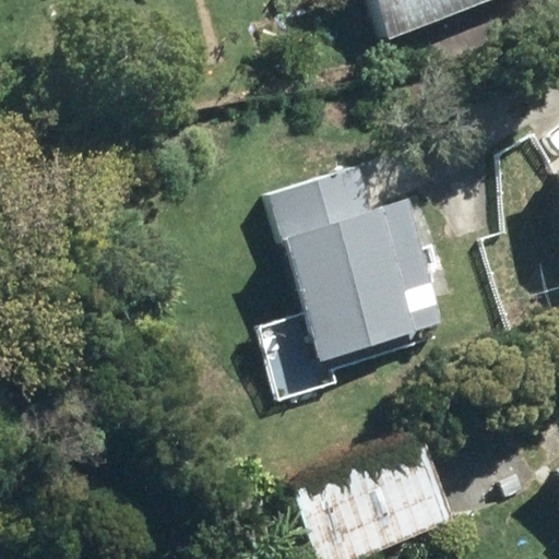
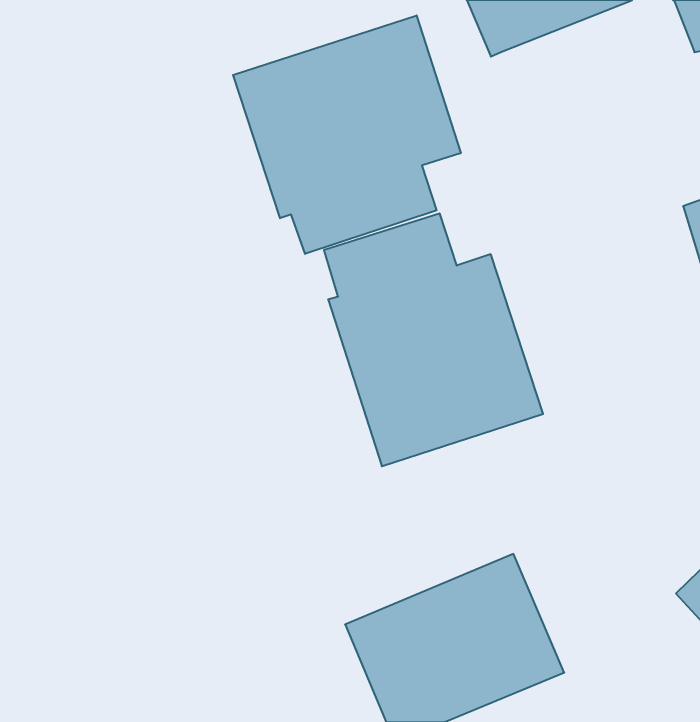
building: none -> [233,15,461,254]

